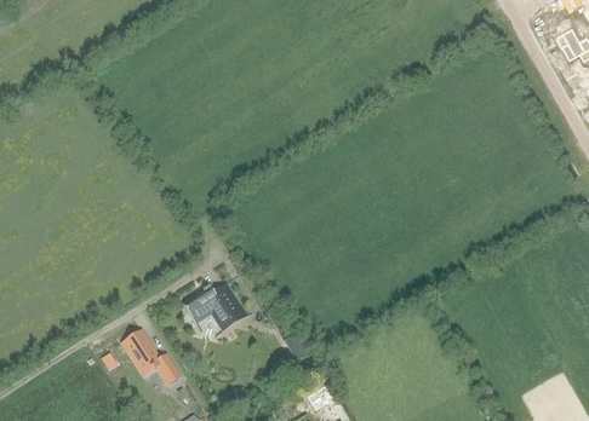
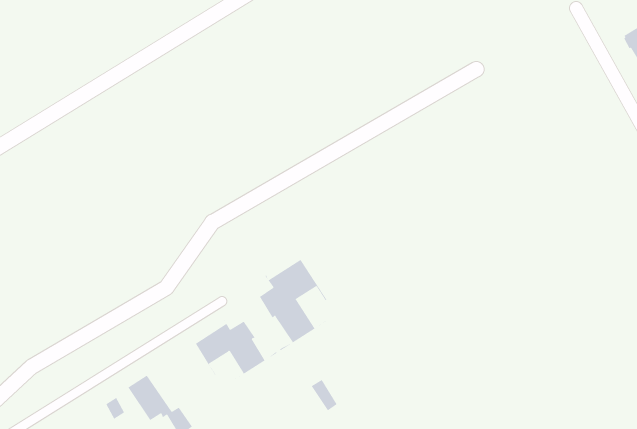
building: none -> [259,254,328,351]

